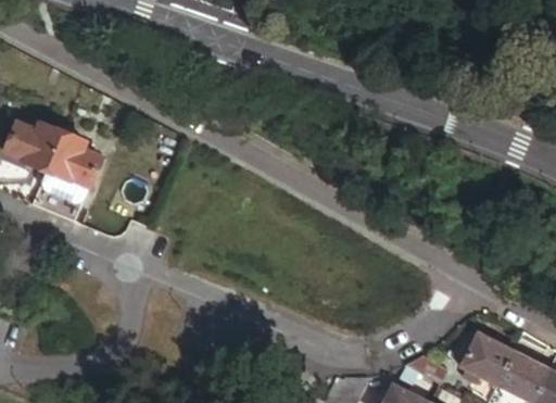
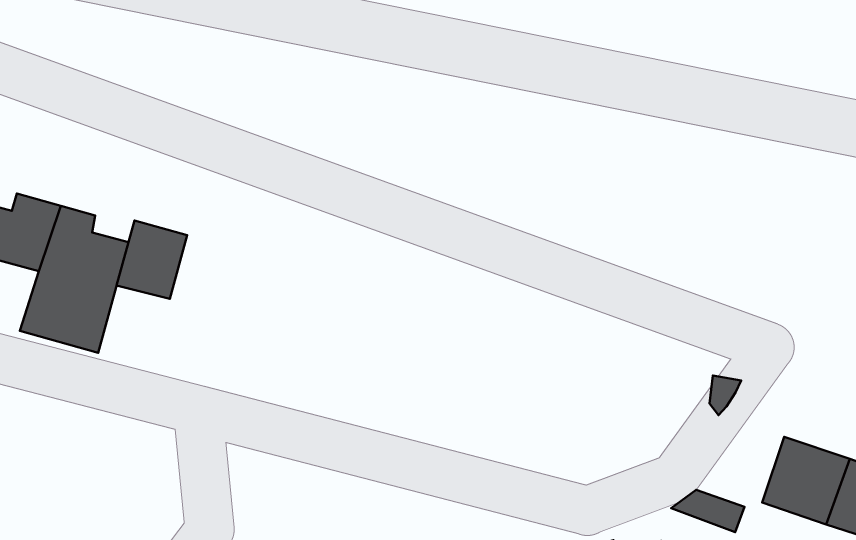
building: none -> [117,221,187,299]

